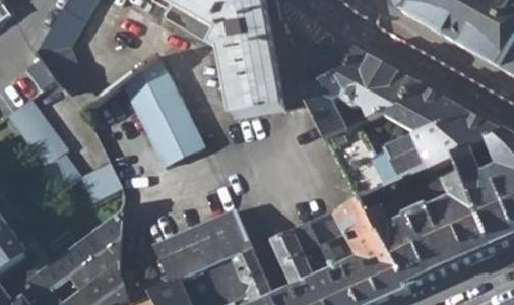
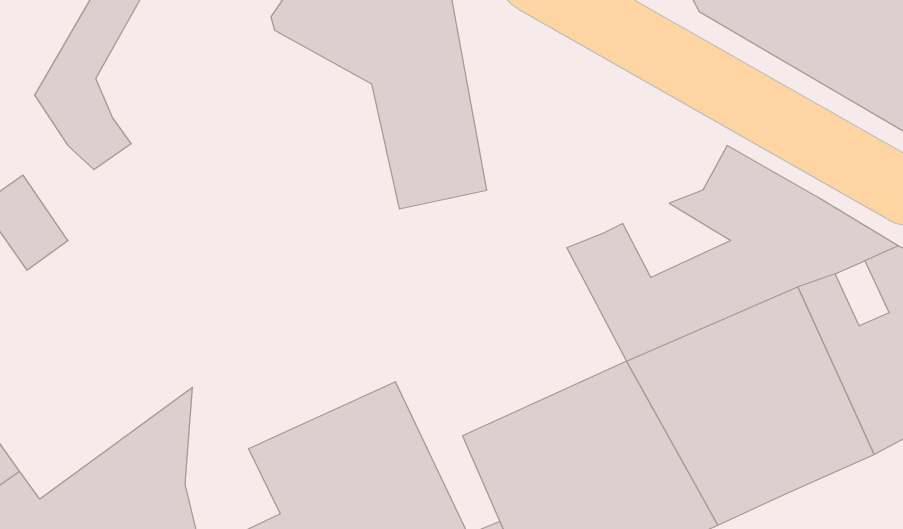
building: [302,47,414,136] -> none
building: [124,55,204,165] -> none
building: [33,132,124,203] -> none

